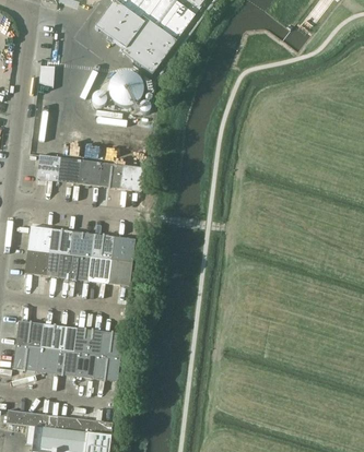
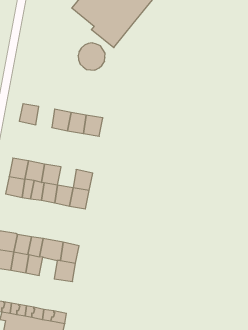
building: [58,156,81,182] -> none
building: [91,233,114,259] -> none
building: [74,350,96,378] -> none

